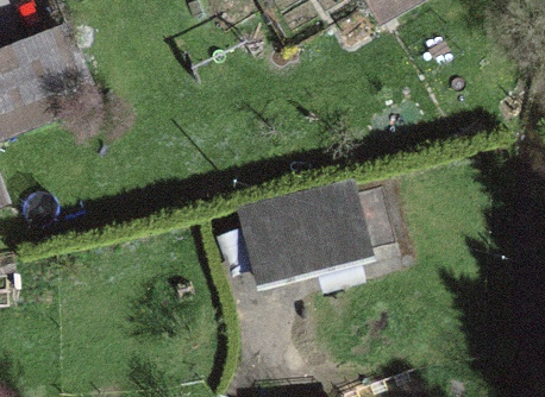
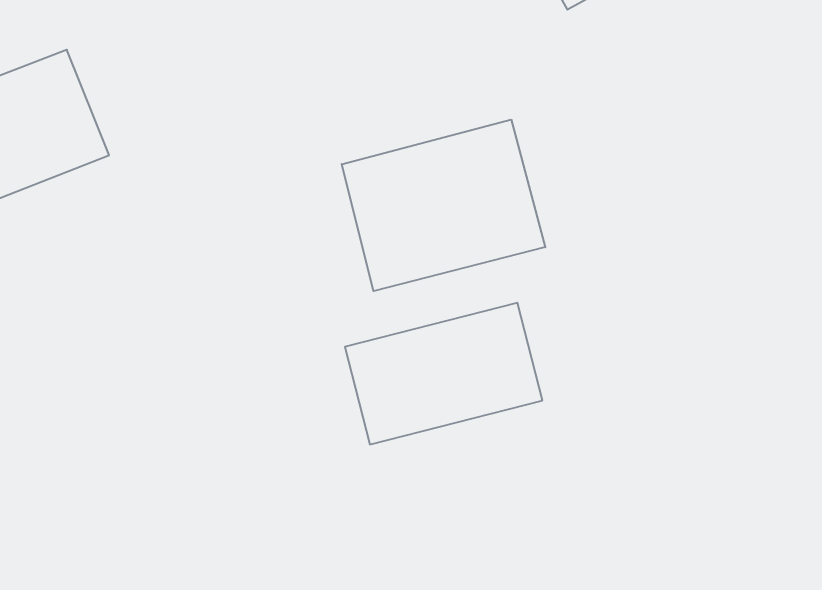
building: none -> [342,120,545,291]

